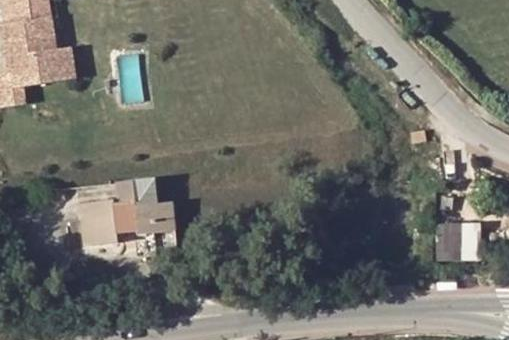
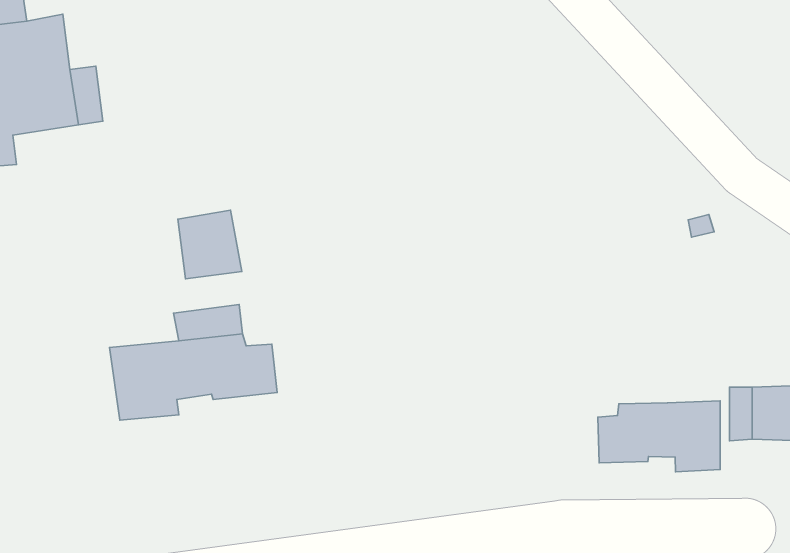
building: none -> [178,210,242,279]
building: none -> [598,401,720,472]

